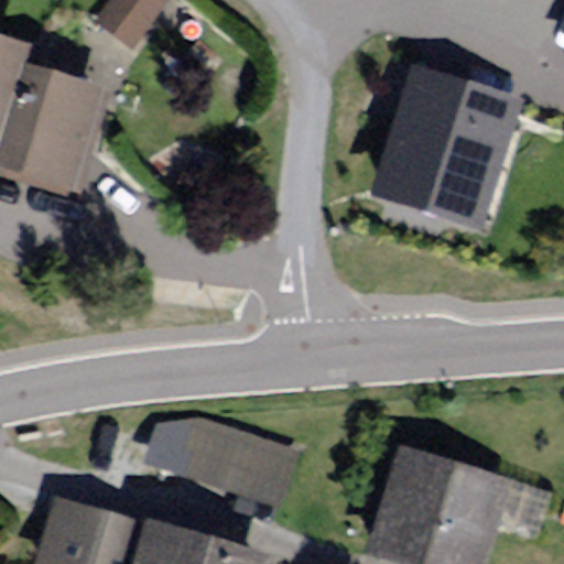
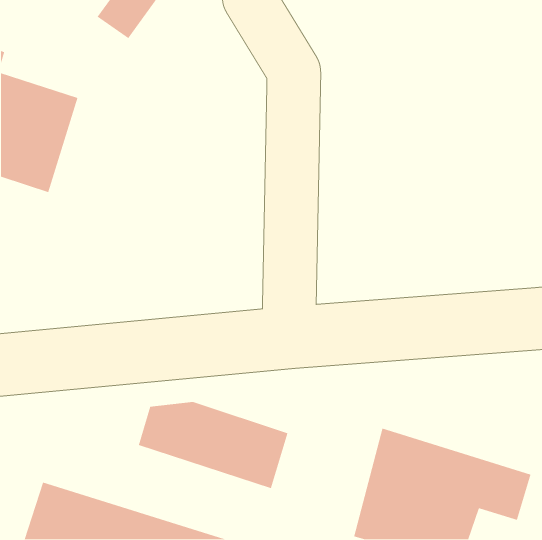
building: [370,65,522,234] -> none

